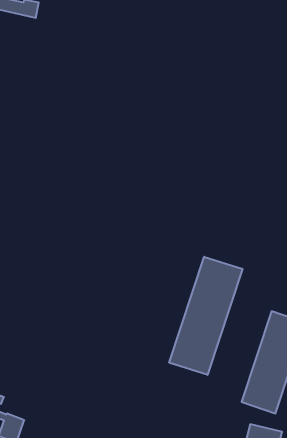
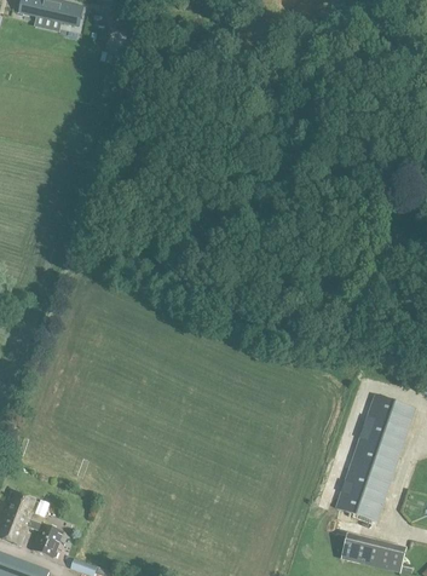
building: [169,257,242,375] -> none

